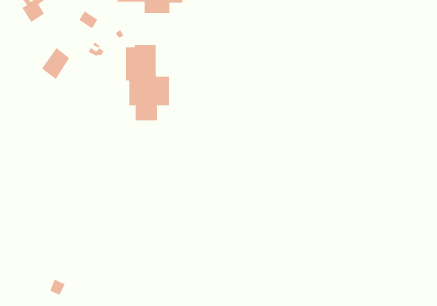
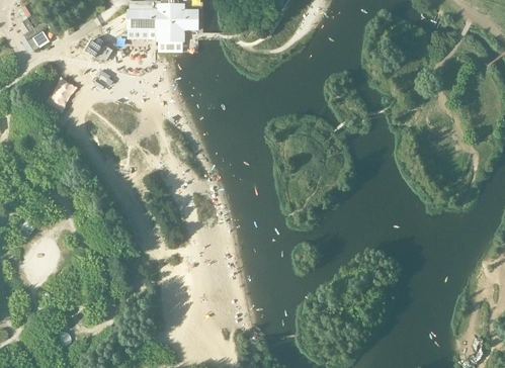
building: [125,44,169,121] -> none

